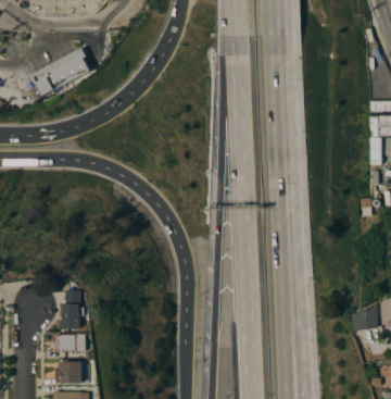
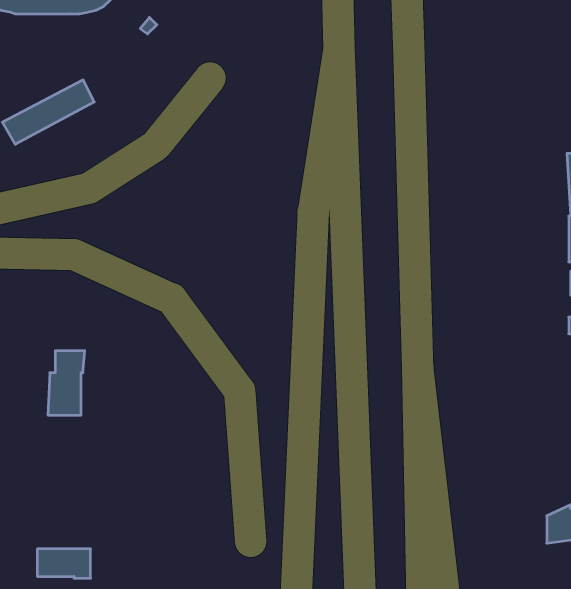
building: [62,290,84,328] -> [48,351,85,415]

